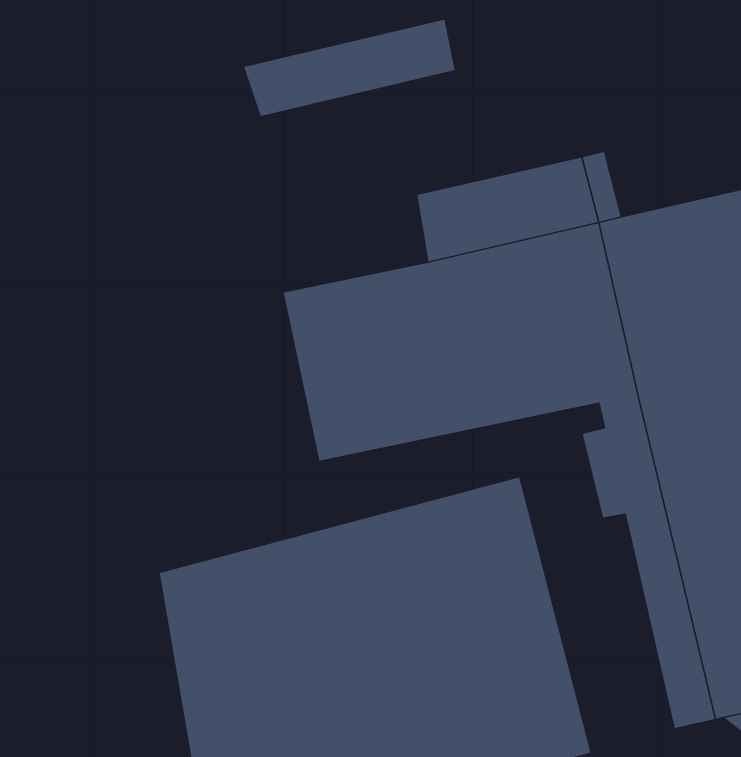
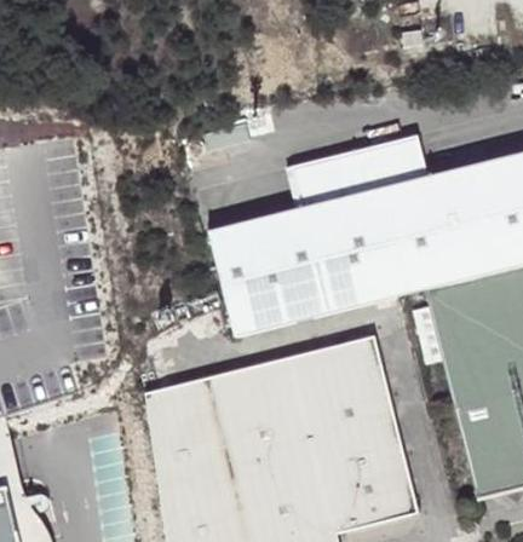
building: [243,19,455,117] -> none

